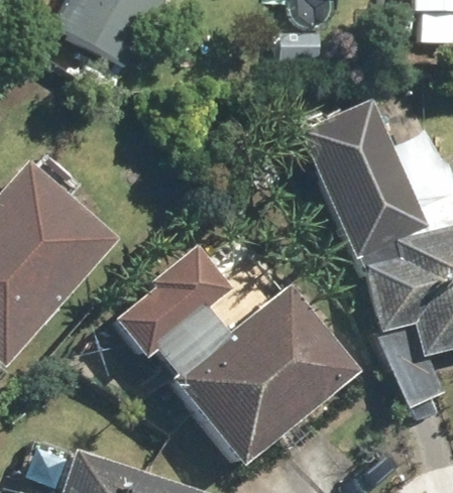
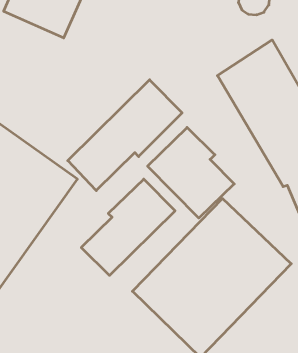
building: none -> [68,80,182,191]
building: none -> [148,127,234,218]

